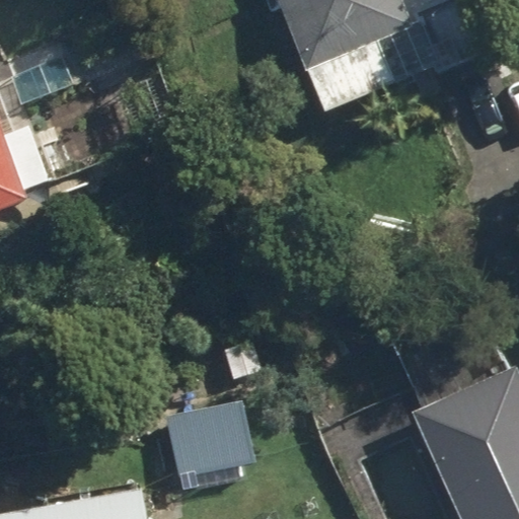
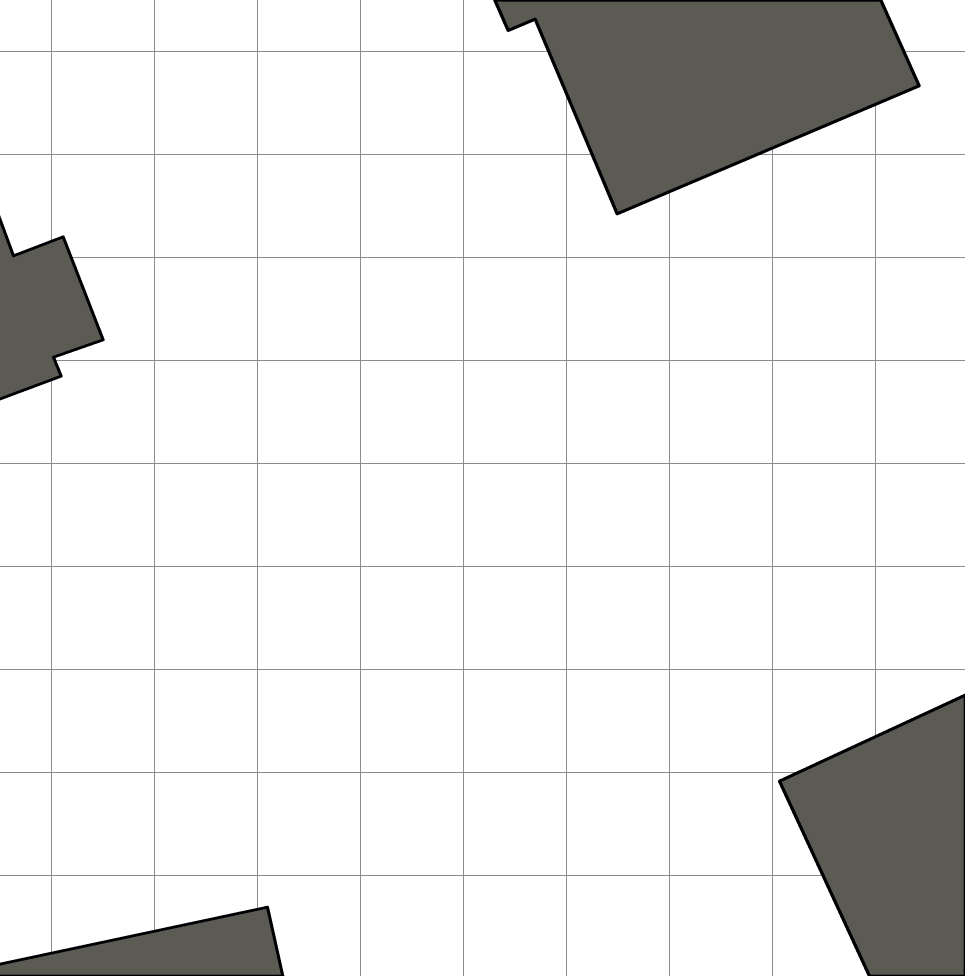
building: [157,393,254,477] -> none

